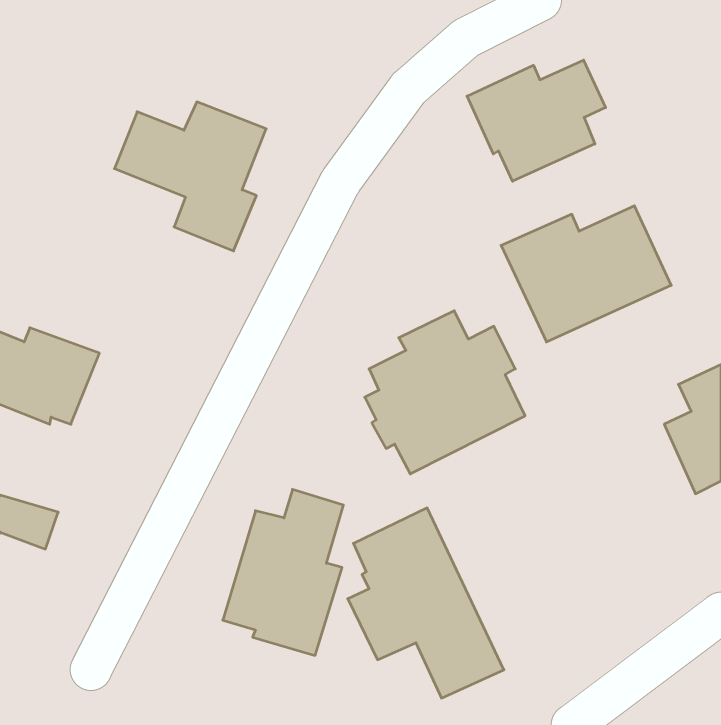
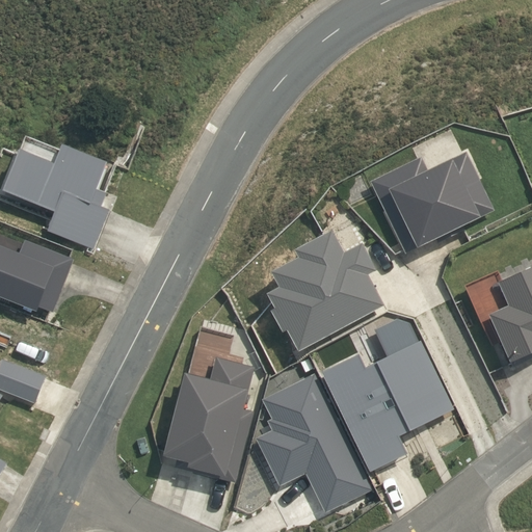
building: [467,60,606,181] -> none
building: [114,102,266,251] -> [4,140,115,249]
building: none -> [323,342,456,476]

